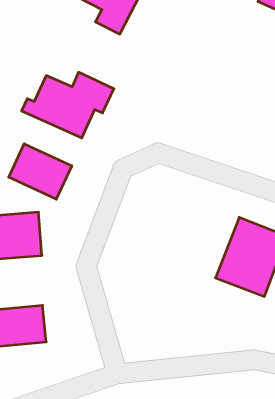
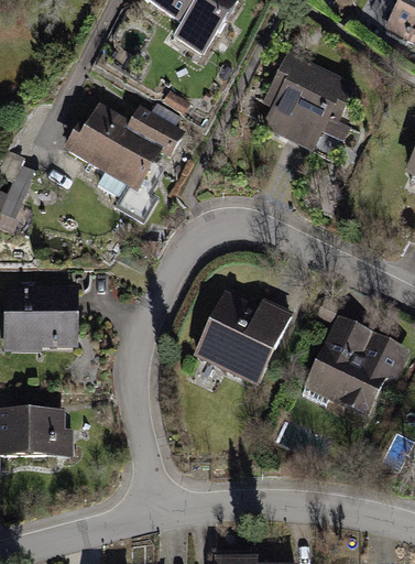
building: none -> [261,50,357,153]
building: [9,144,72,199] -> none
building: none -> [193,291,293,384]

